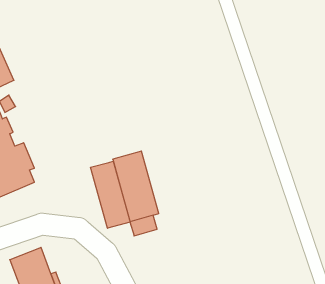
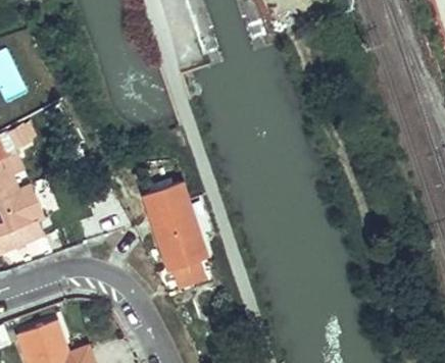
building: [91,161,130,228] -> none

